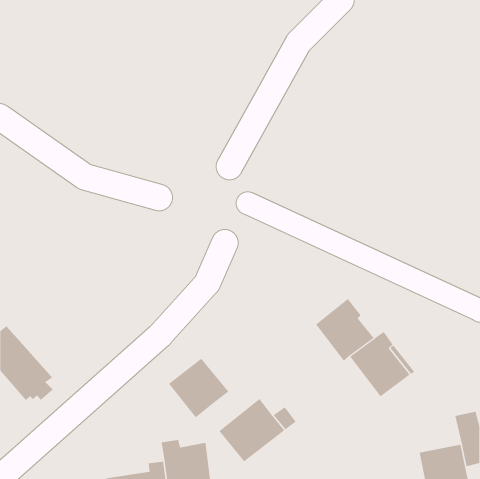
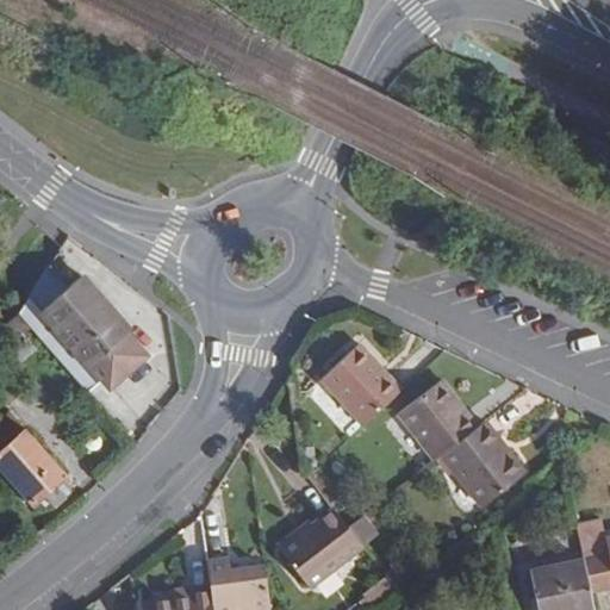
building: none -> [38,268,149,385]
building: none -> [320,347,402,428]
building: [168,358,229,418] -> none

